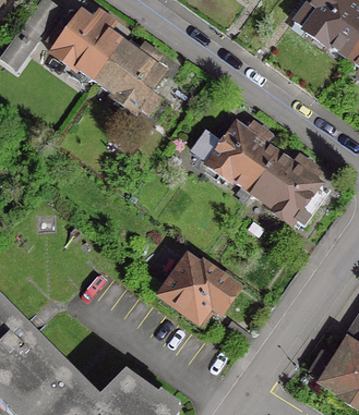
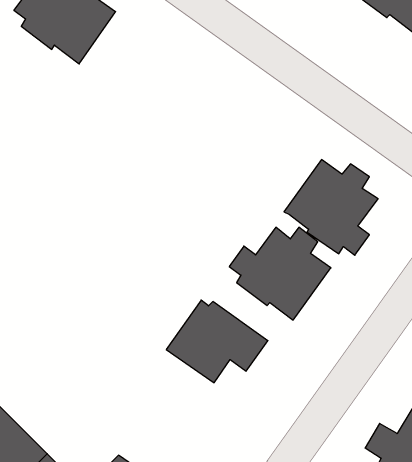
building: [96,40,165,112] -> none
building: [202,121,278,191] -> [229,227,331,320]

